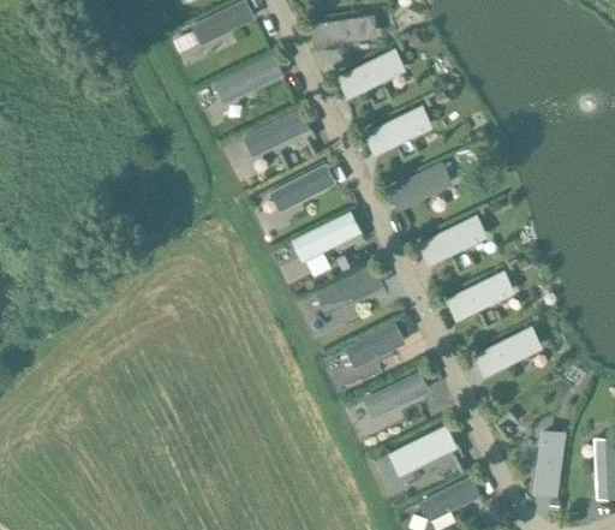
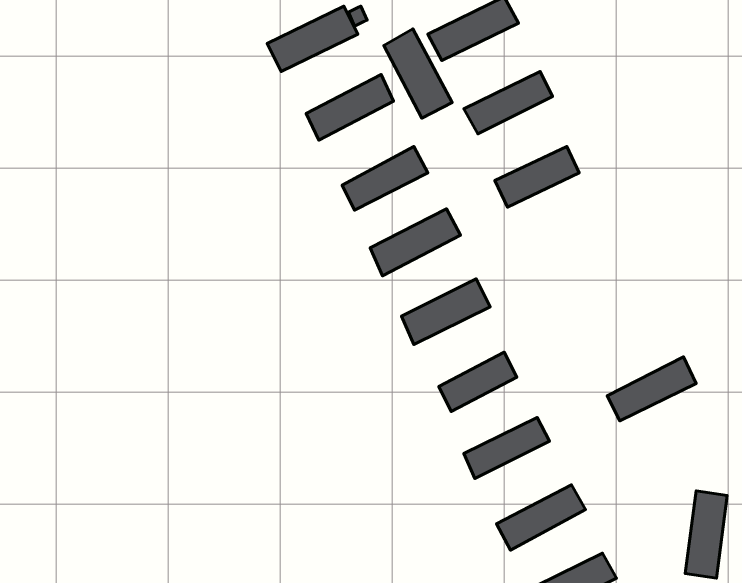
building: none -> [384,29,452,118]
building: [418,215,486,263] -> none
building: [444,270,514,320] -> none

